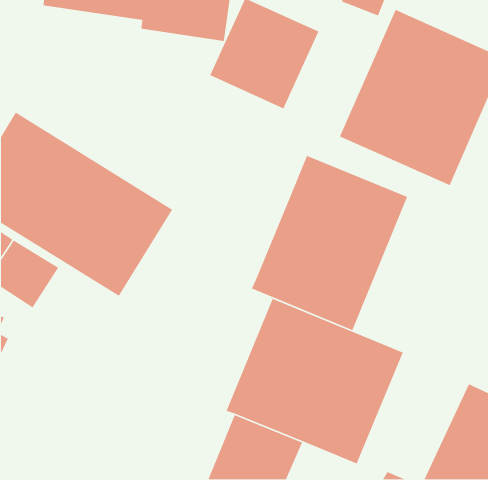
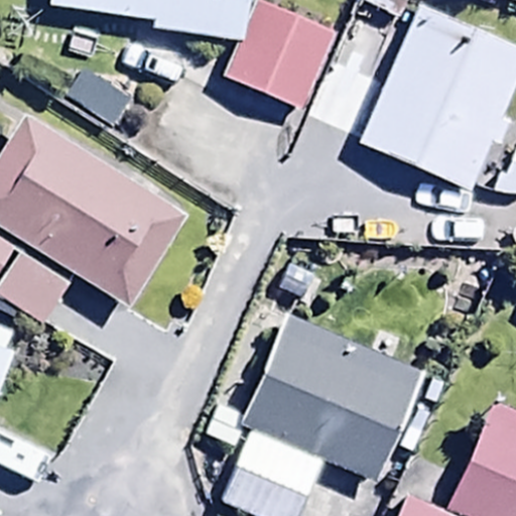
building: [251,155,408,331] -> none

